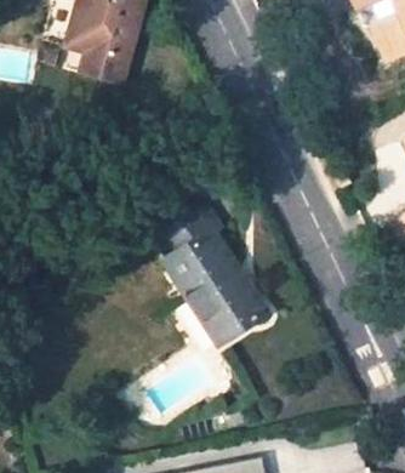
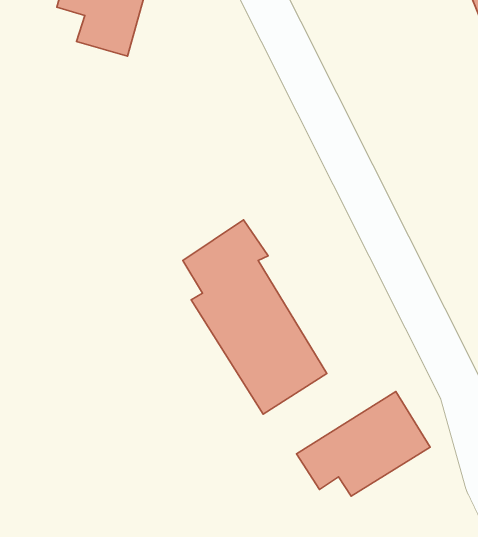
building: none -> [296,391,430,496]

